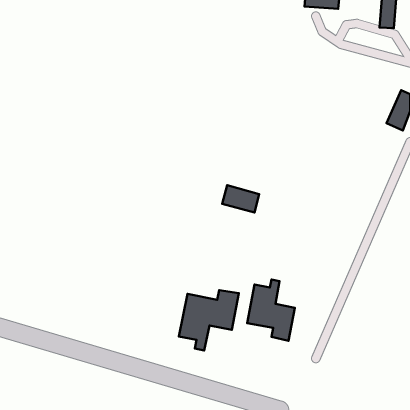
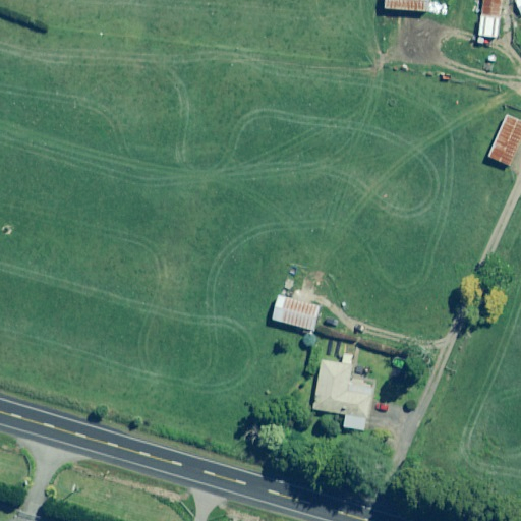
building: [222,185,259,213] -> [273,295,320,330]
building: [179,290,239,350] -> none

